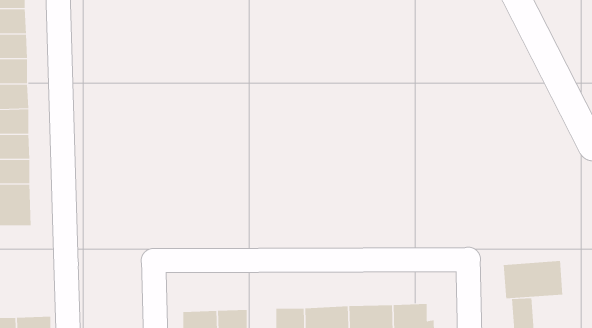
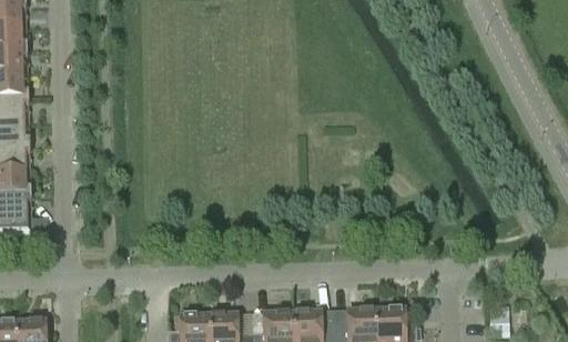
building: [503,260,563,299] -> none

